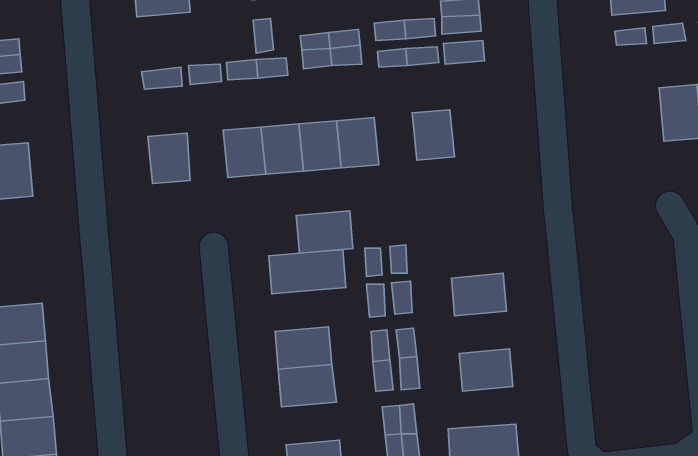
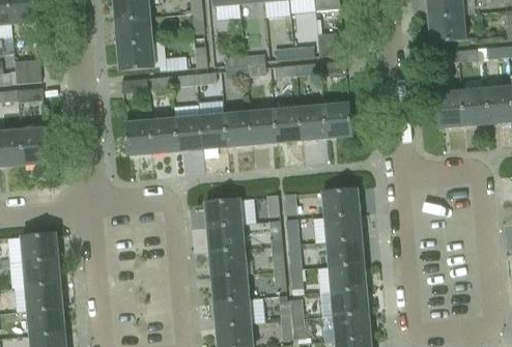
building: none -> [117,40,154,68]
building: none -> [436,90,464,127]
building: none -> [323,103,351,136]
building: none -> [274,107,302,141]
building: none -> [150,118,177,151]
building: [296,211,353,253] -> [206,223,244,251]
building: none -> [322,187,359,215]
building: none -> [326,237,363,265]
building: none -> [332,287,367,314]
building: none -> [212,296,264,325]

